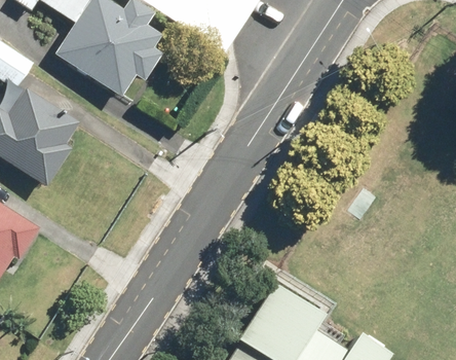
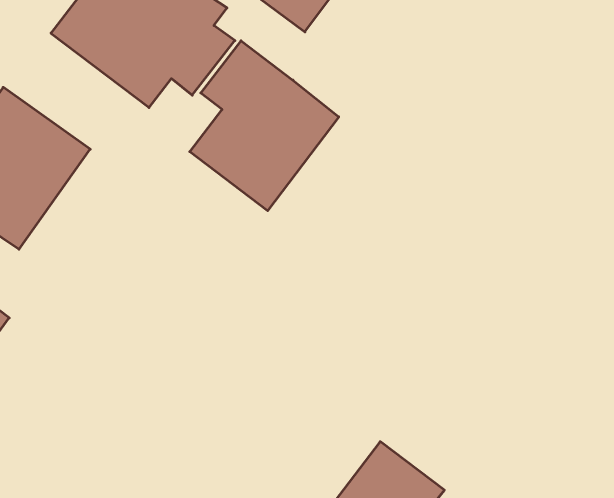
building: none -> [190,41,339,211]

